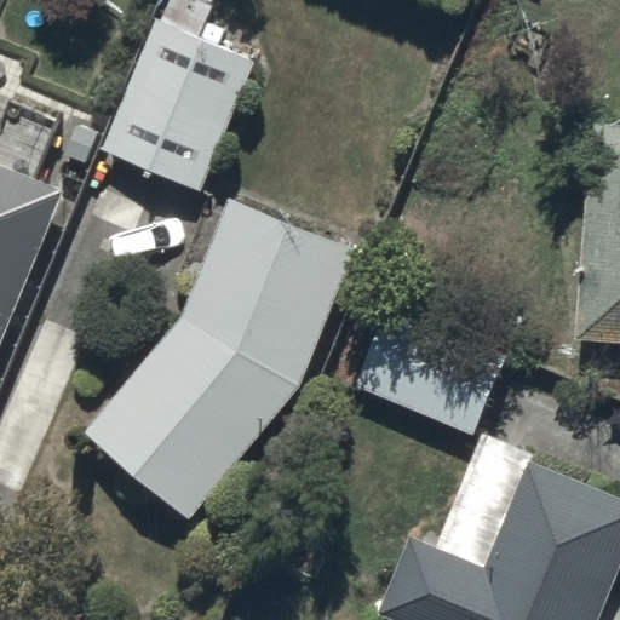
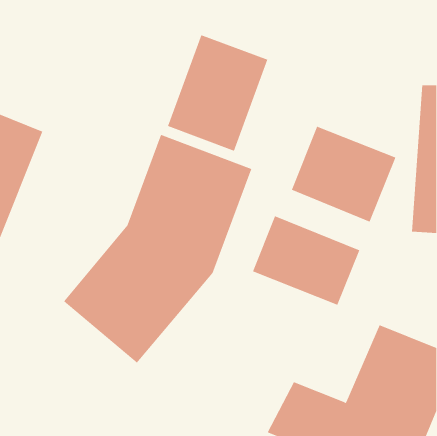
building: [103,24,245,188] -> [167,35,268,151]
building: none -> [291,126,396,222]

